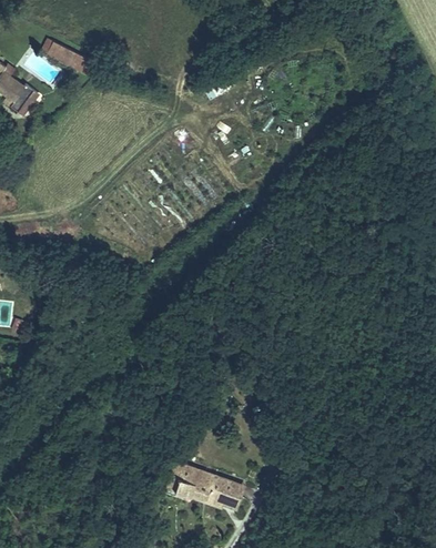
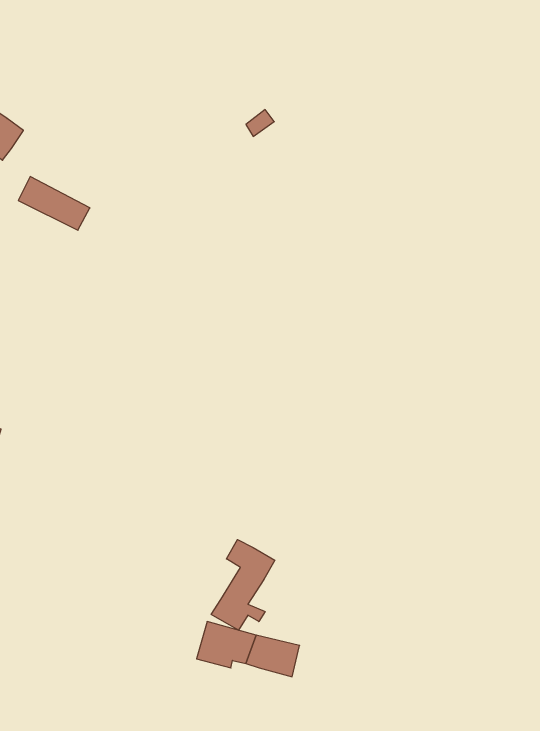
building: [39,37,92,77] -> [18,177,90,230]
building: none -> [211,540,275,630]

